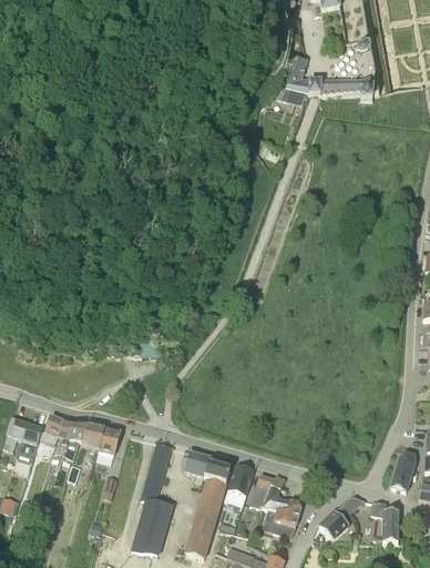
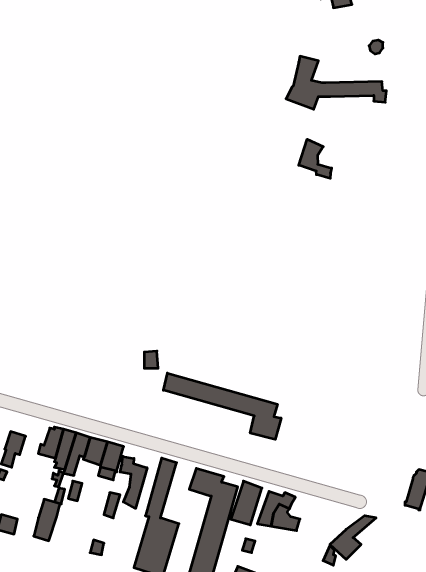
building: none -> [299,139,332,178]
building: none -> [163,373,281,439]
building: [17,420,42,460] -> [34,499,60,541]
building: none -> [120,456,147,508]
building: [264,500,301,536] -> none
building: [370,501,398,542] -> none

